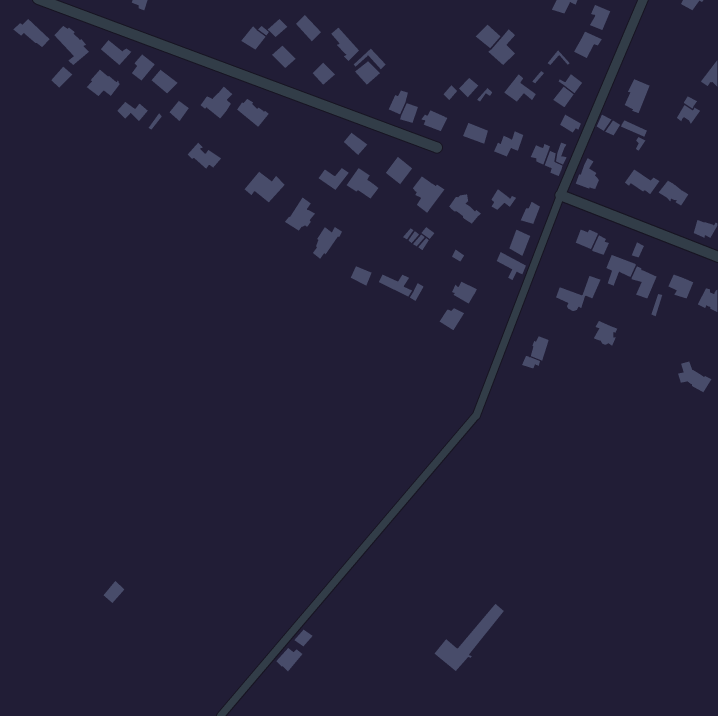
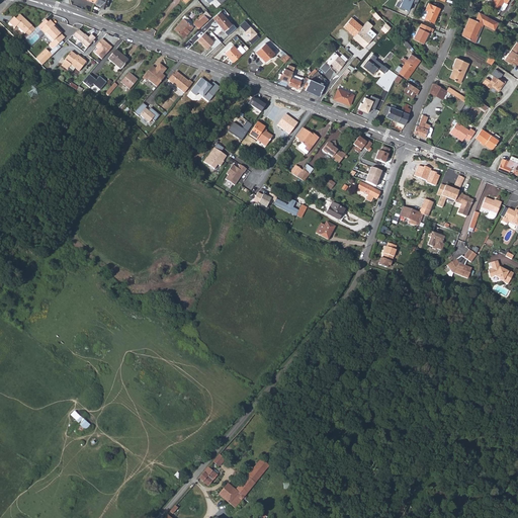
building: none -> [462,11,498,41]
building: [243,171,286,203] -> [190,77,221,100]
building: none -> [447,249,476,277]
building: [433,603,505,672] -> [218,457,269,507]

